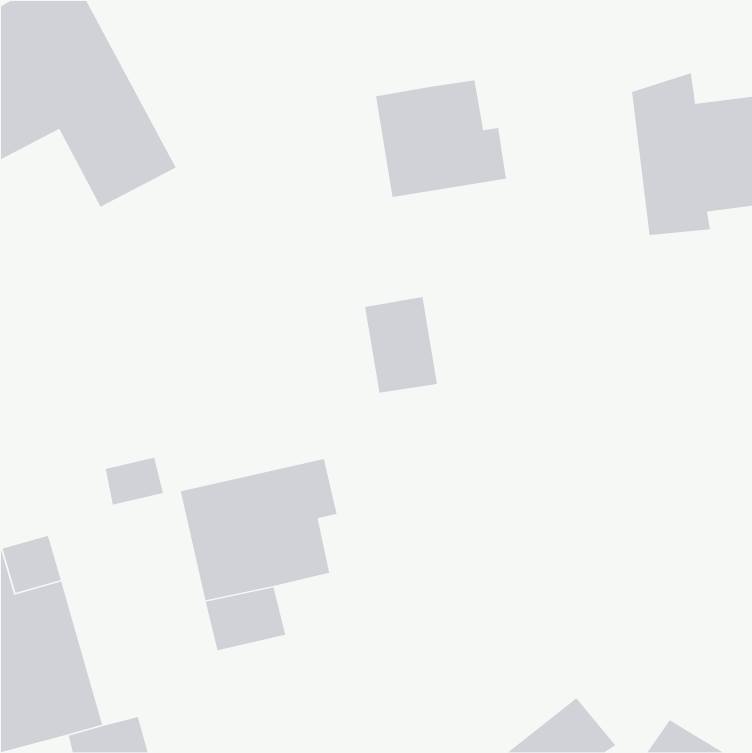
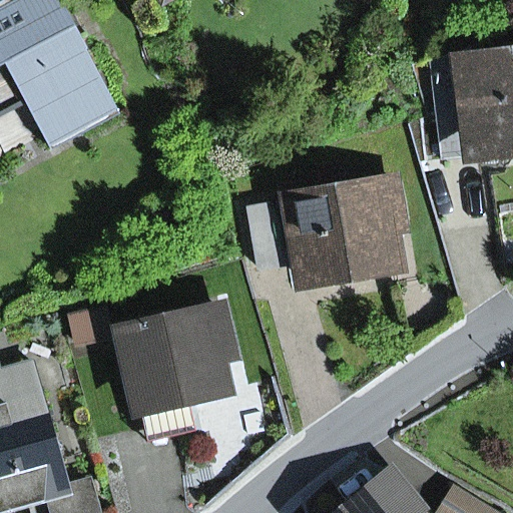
building: [375,79,507,198] -> none
building: none -> [291,173,403,282]

